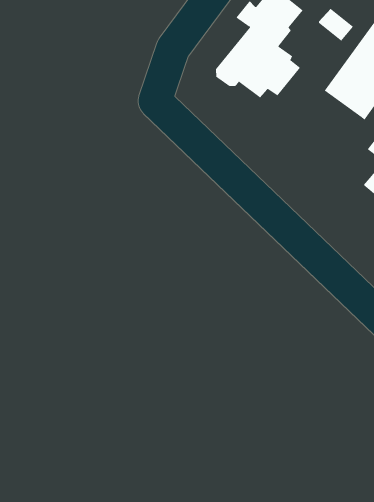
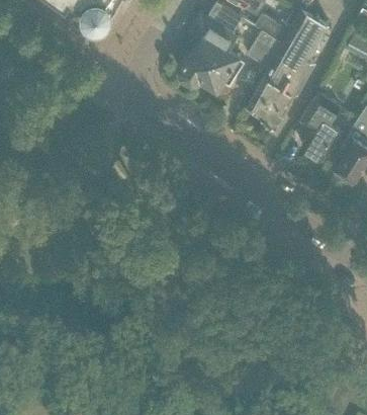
building: none -> [247,29,282,67]
building: none -> [248,76,295,127]

